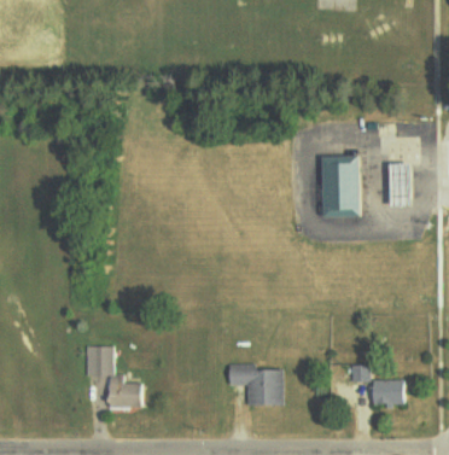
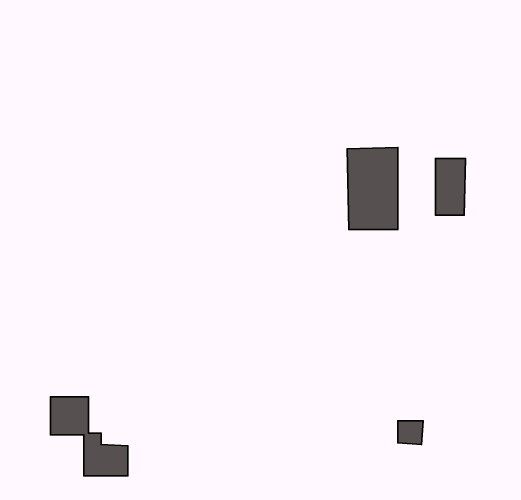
building: [227,363,282,406] -> none
building: [369,379,404,404] -> none

